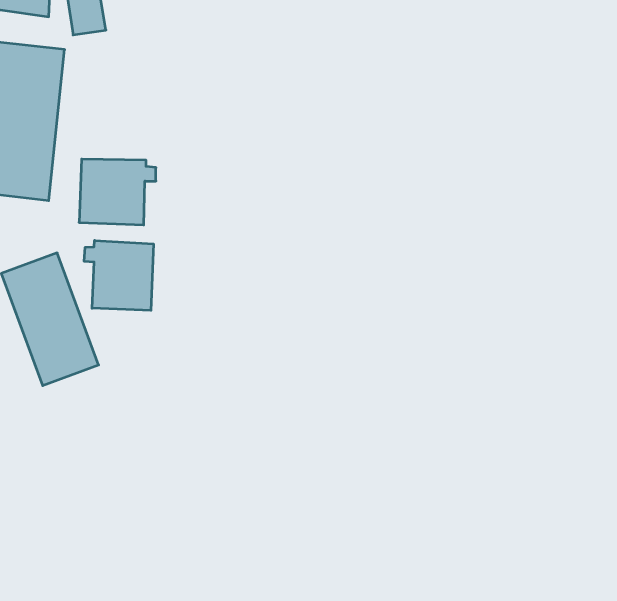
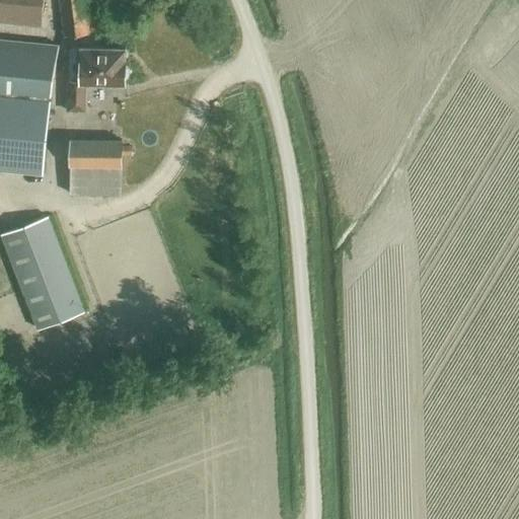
building: none -> [67,50,127,112]
building: [84,240,153,310] -> none

